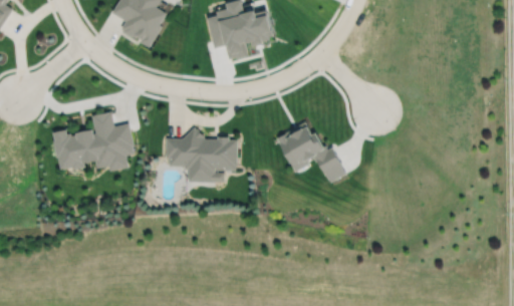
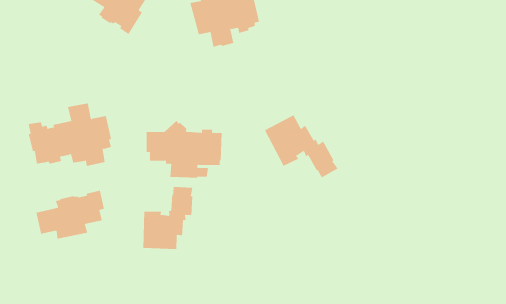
building: none -> [143,186,193,250]
building: none -> [36,190,105,239]

